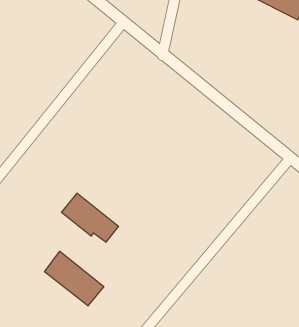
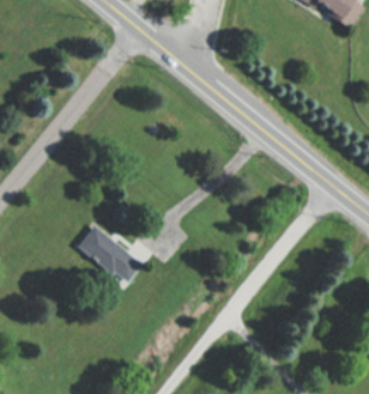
building: [45,251,104,306] -> none

